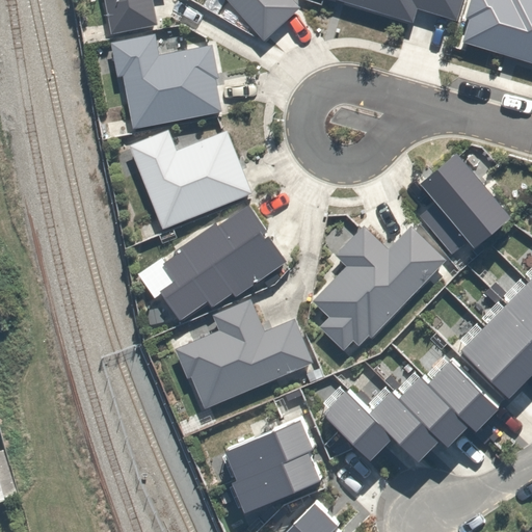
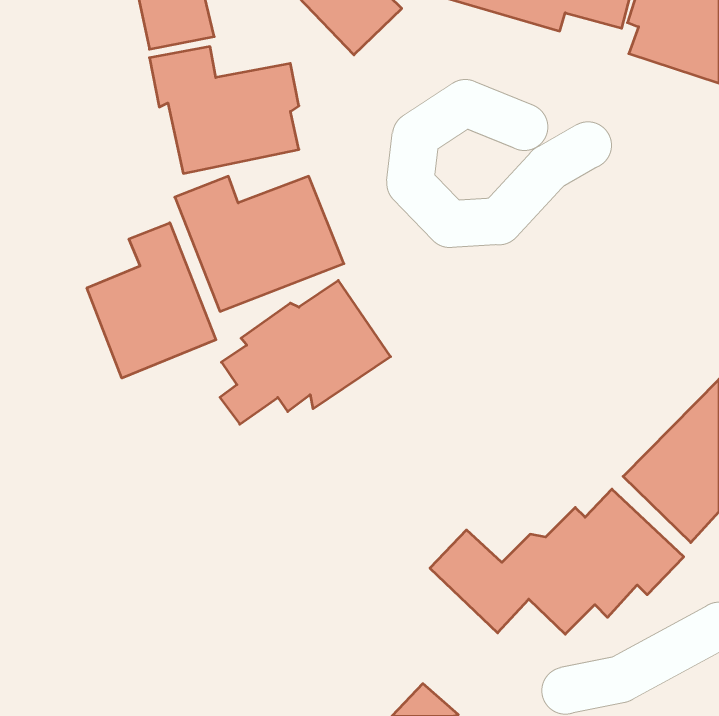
building: [424,155,517,256] -> none
building: none -> [87,223,216,378]
building: [316,225,444,348] -> none
building: [174,298,318,408] -> none
building: [222,413,319,516] -> none

